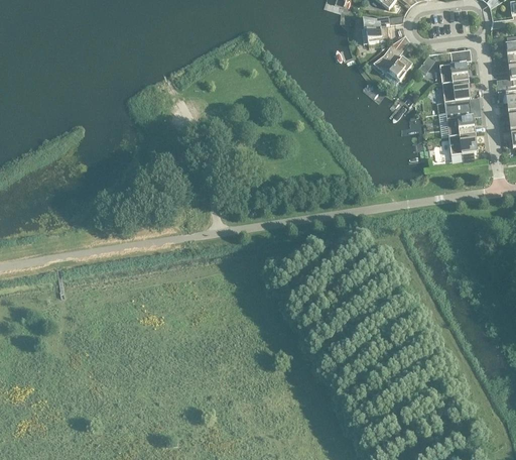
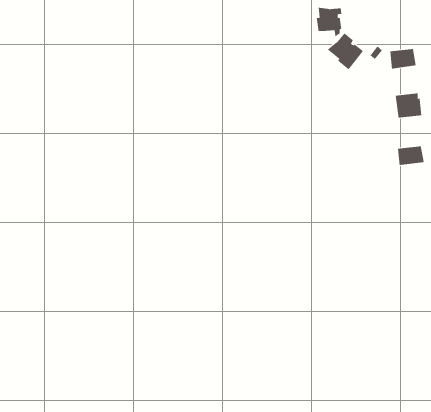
building: [440,79,470,111] -> none
building: [447,132,477,153] -> [397,146,424,165]

